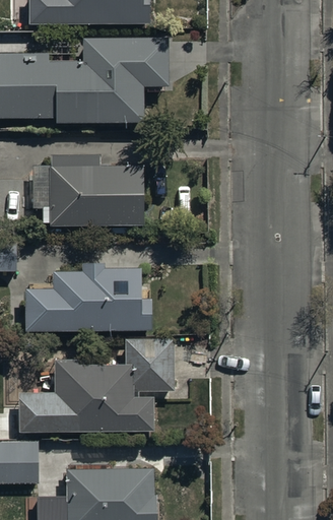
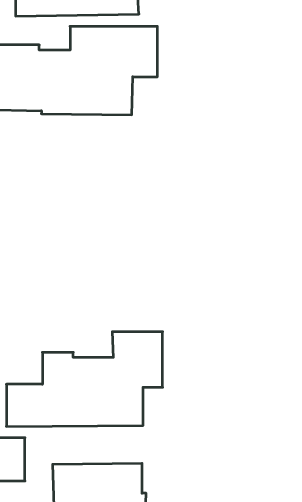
building: [32,153,143,225] -> none
building: [26,262,151,330] -> none

